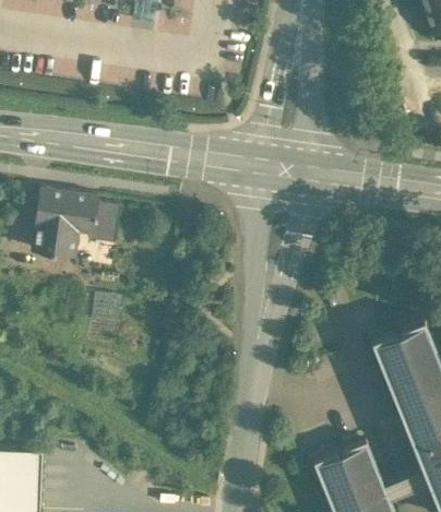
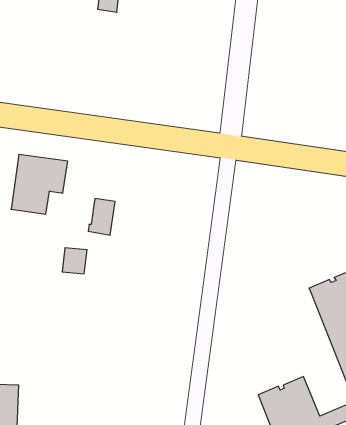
building: [87,203,118,245] -> [88,199,115,235]

